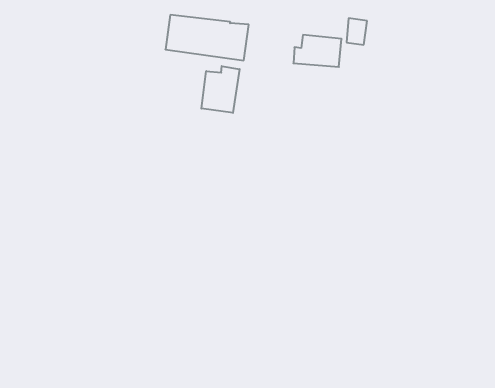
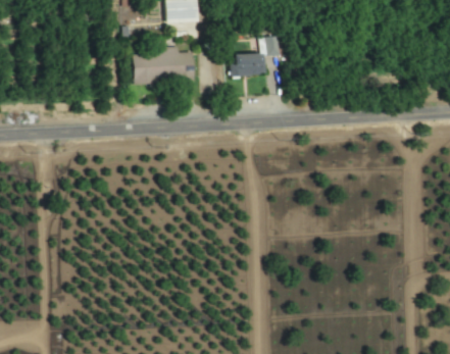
building: [201,66,240,113] -> none

